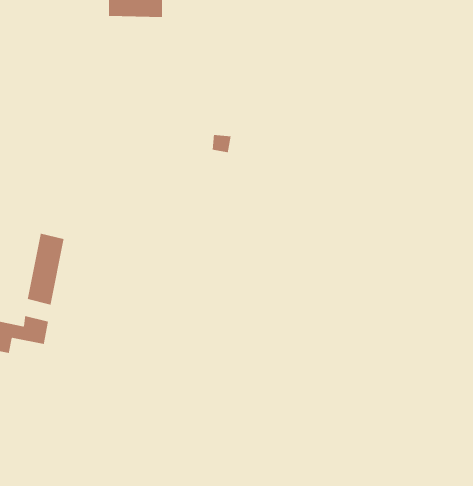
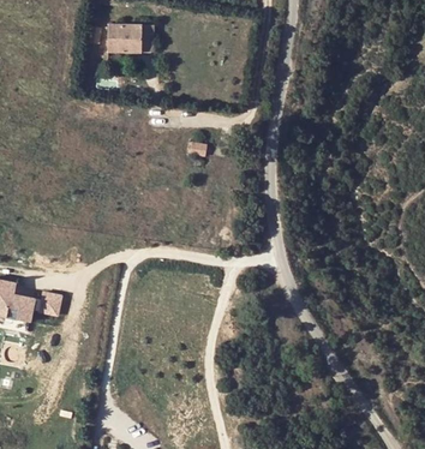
building: [27,233,64,305] -> none

